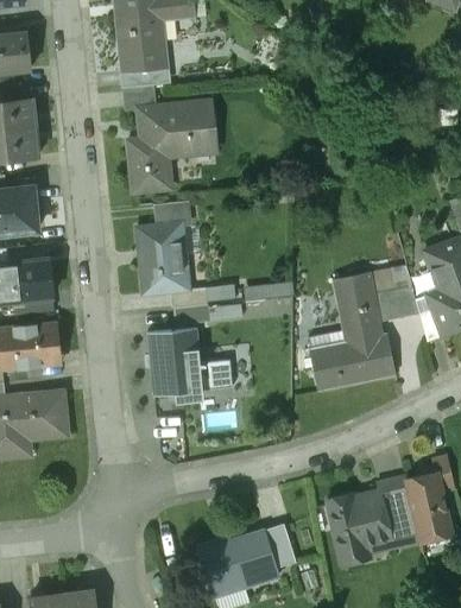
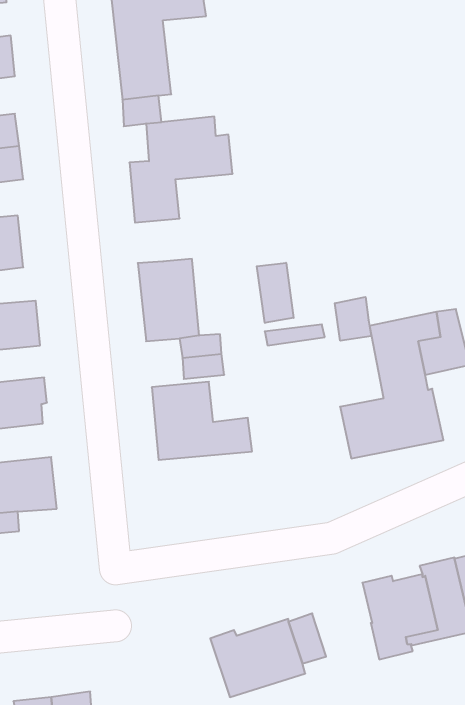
building: [157,201,190,226] -> none
building: none -> [257,263,294,323]
building: none -> [335,297,371,341]

